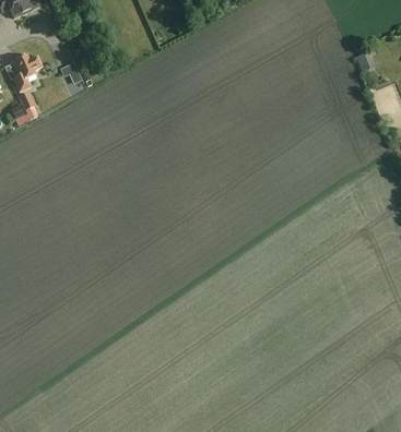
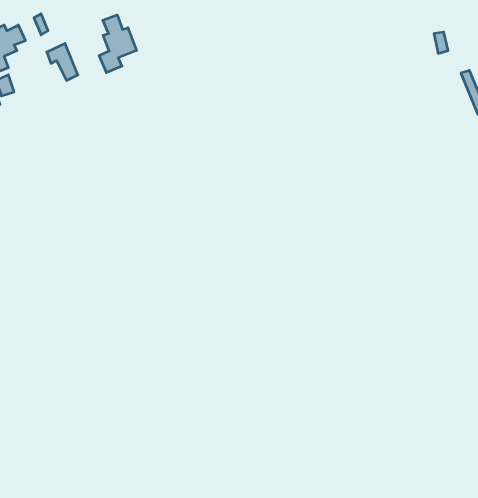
building: none -> [99,15,136,73]

